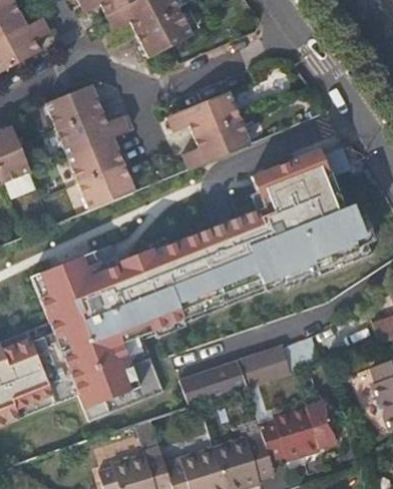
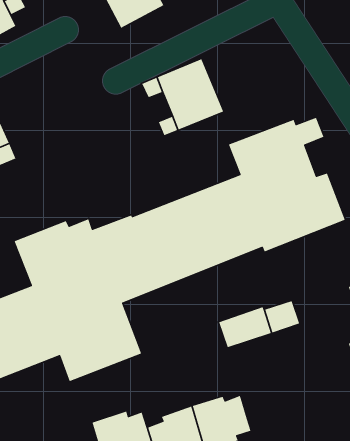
building: [43,80,133,208] -> none
building: [187,357,253,403] -> none
building: [263,399,340,459] -> none

